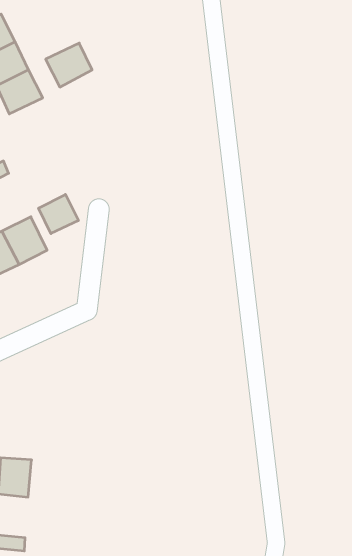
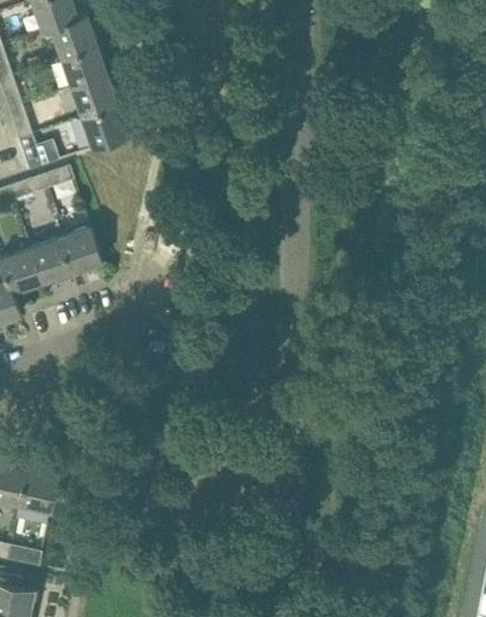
building: [46,43,92,87] -> [81,108,127,150]
building: [39,194,78,234] -> none

